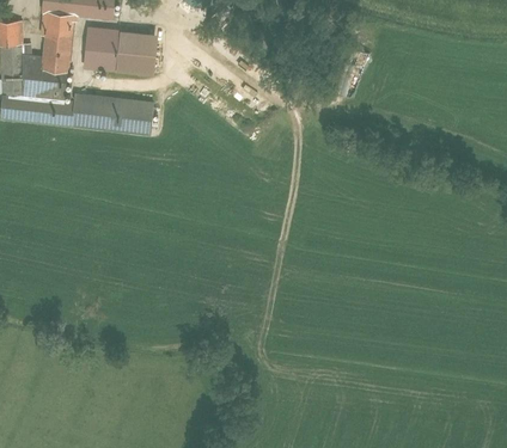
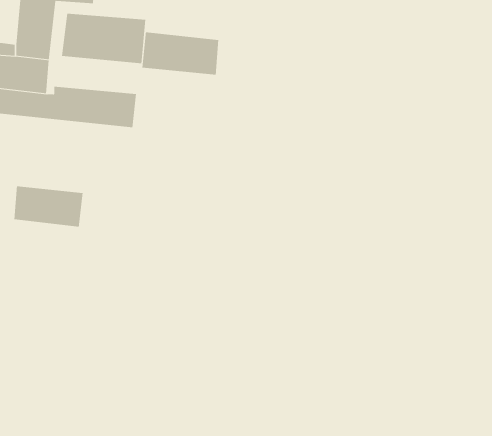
building: none -> [142,31,219,75]
building: none -> [14,185,83,228]

